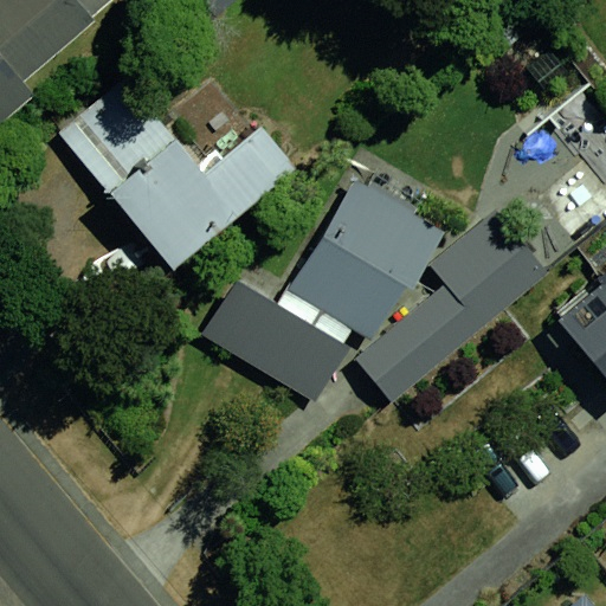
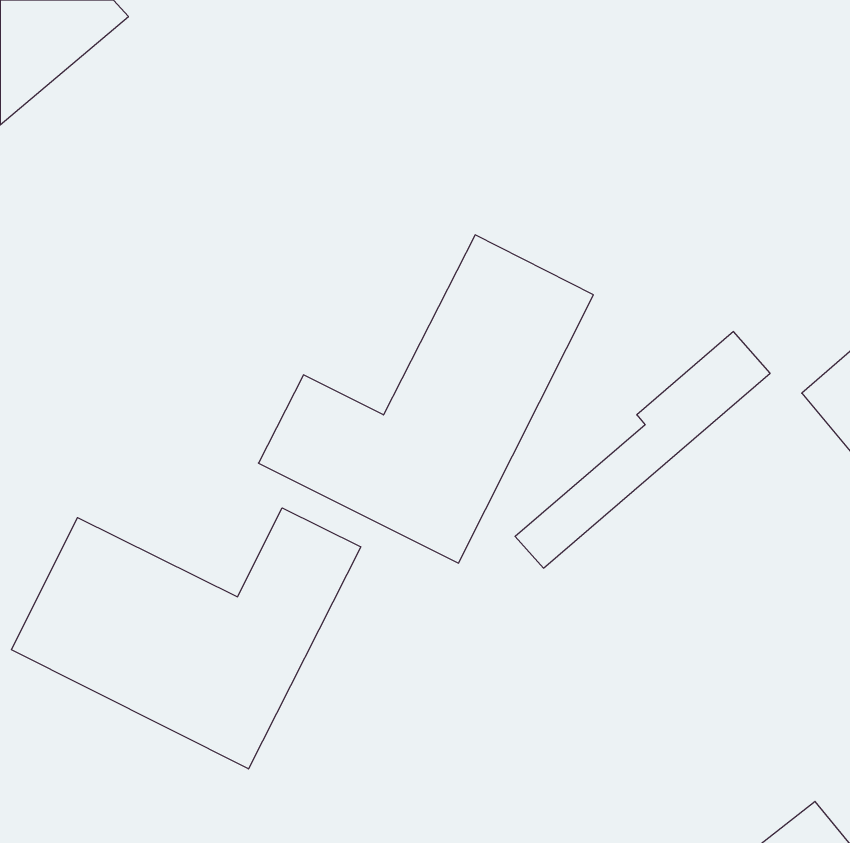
building: [37,54,304,266] -> none
building: none -> [11,508,361,769]

